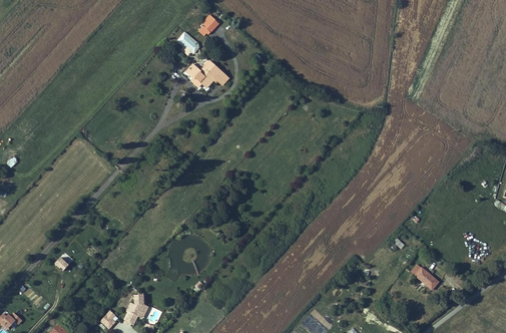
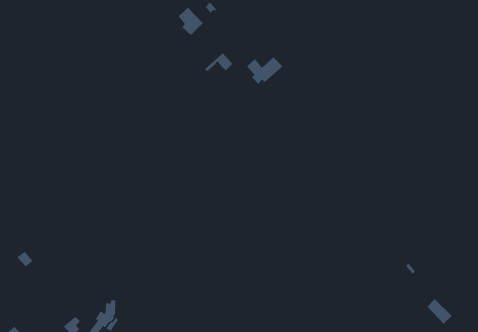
building: [186,60,218,86] -> [246,56,283,85]

